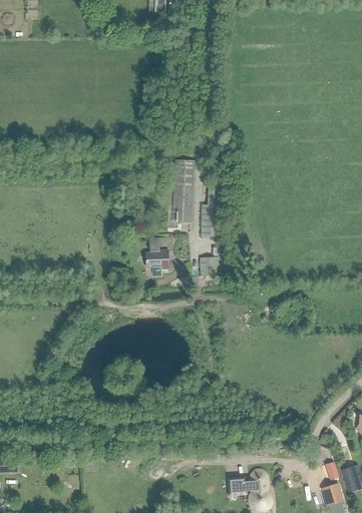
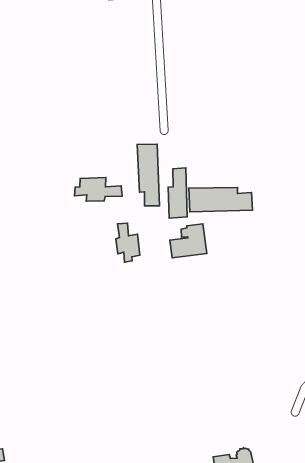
building: none -> [75,177,122,201]
building: none -> [189,187,253,212]

